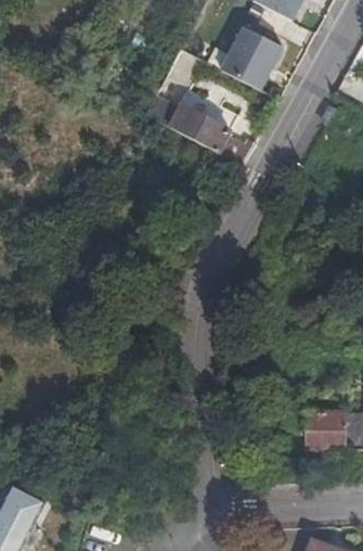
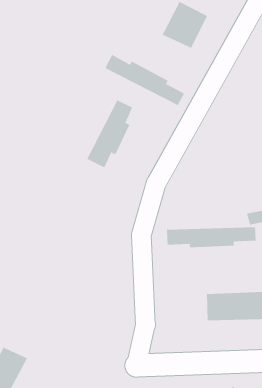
building: none -> [87,99,133,168]
building: none -> [166,226,256,248]

